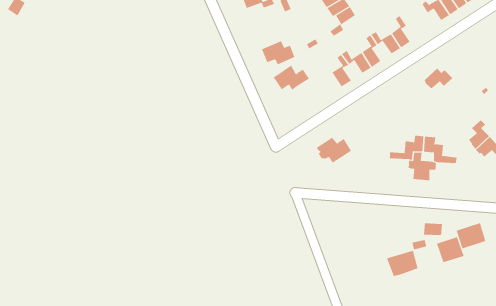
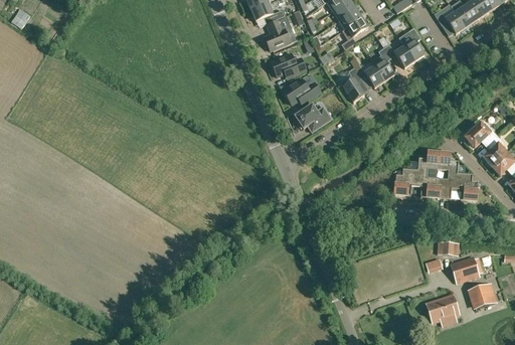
building: none -> [265,20,290,50]
building: [424,67,453,89] -> [467,124,497,146]
building: [316,137,352,163] -> [295,105,332,132]
building: none -> [394,174,427,196]
building: none -> [445,179,478,200]
building: [456,223,486,249] -> [467,283,498,310]
building: [386,250,418,277] -> [425,295,459,322]

